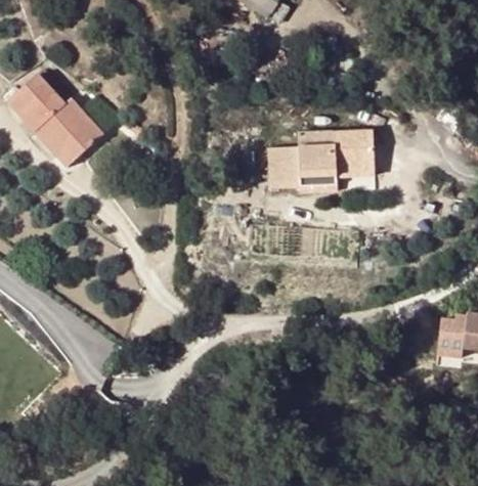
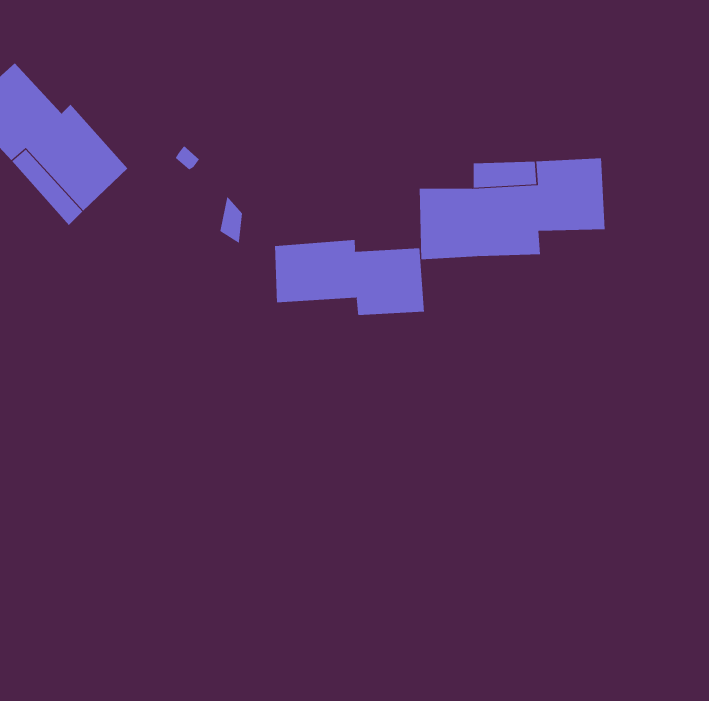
building: none -> [274,239,424,316]

